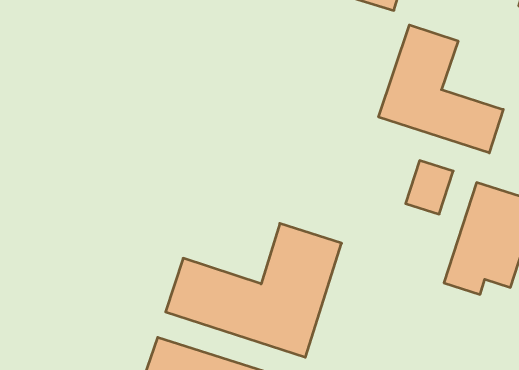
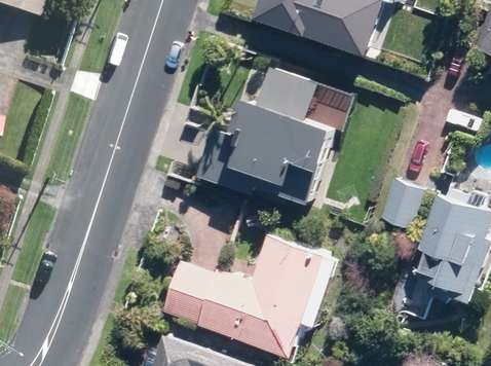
building: [379,25,503,153] -> none
building: none -> [202,75,334,194]

